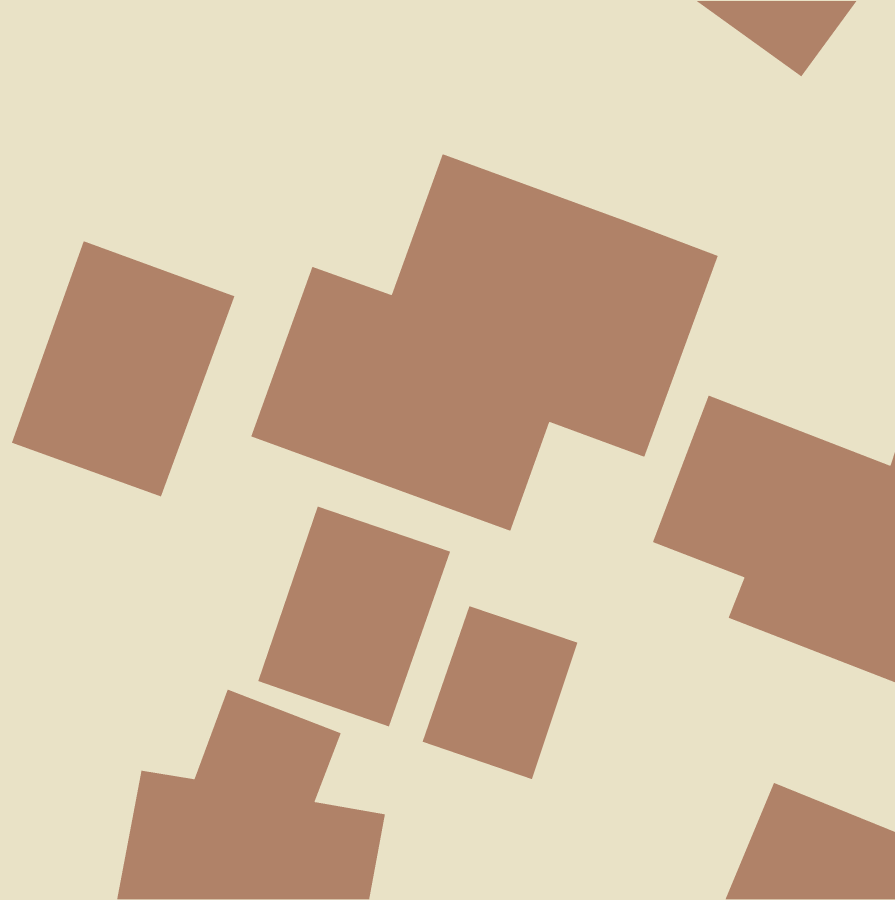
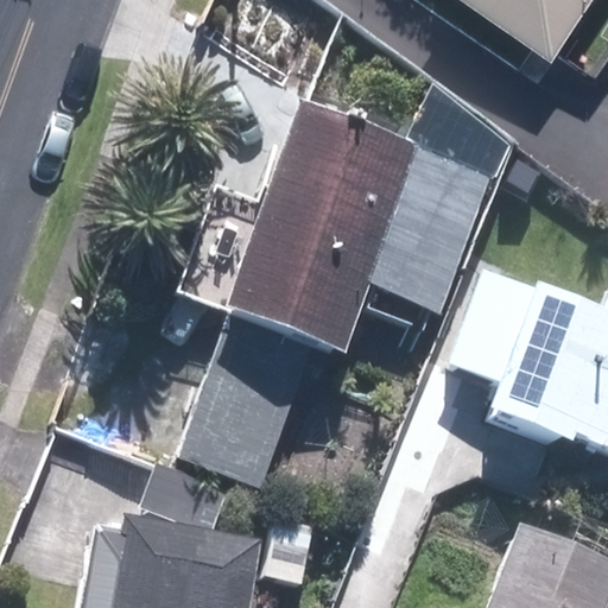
building: [11,240,236,498] -> none
building: [421,605,579,780] -> none

